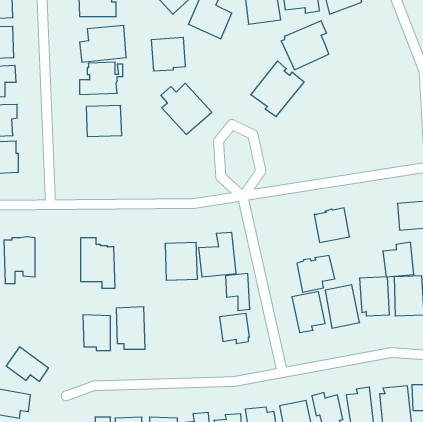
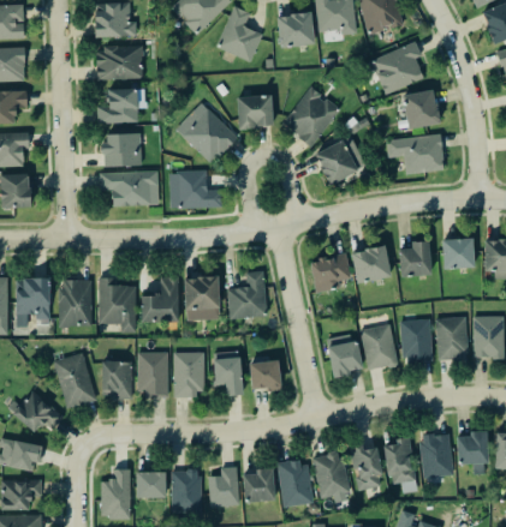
building: [281,21,329,70] -> [371,41,423,94]
building: [151,37,186,71] -> [236,92,273,128]
building: none -> [401,86,440,127]
building: none -> [388,136,445,174]
building: none -> [316,137,367,184]
building: none -> [100,169,157,205]
building: none -> [169,169,221,206]
building: none -> [141,276,178,319]
building: none -> [58,279,91,327]
building: [383,242,414,277] -> [398,238,431,275]
building: [297,256,335,292] -> [310,252,351,292]
building: [226,274,250,310] -> [220,361,246,401]
building: none -> [50,351,94,407]
building: none -> [172,352,201,396]

